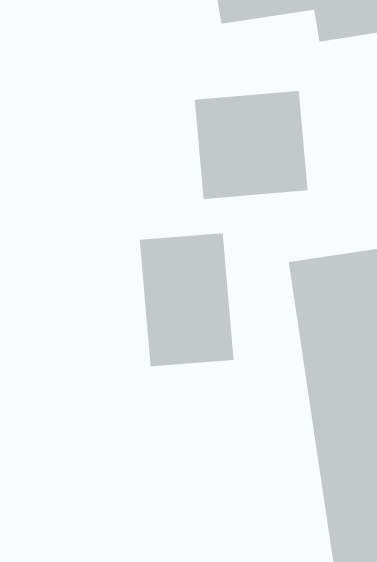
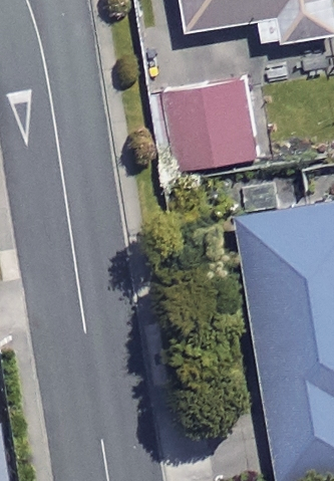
building: [139,232,234,367] -> none

